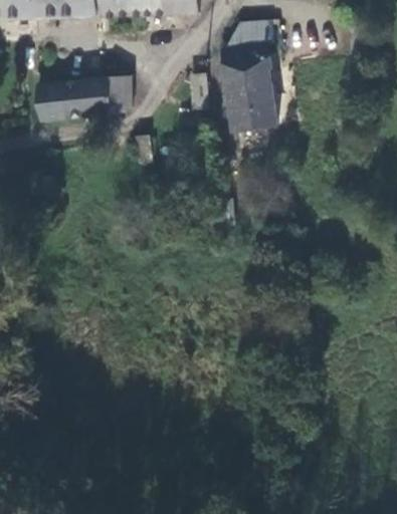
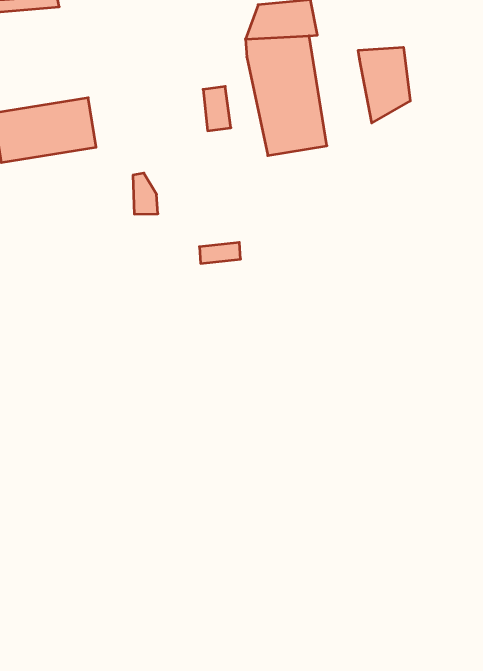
building: none -> [358,47,410,123]
building: [107,77,133,114] -> none

